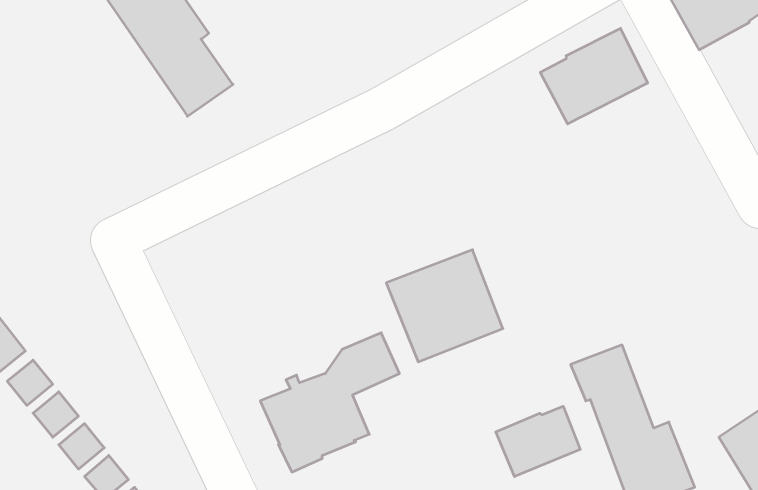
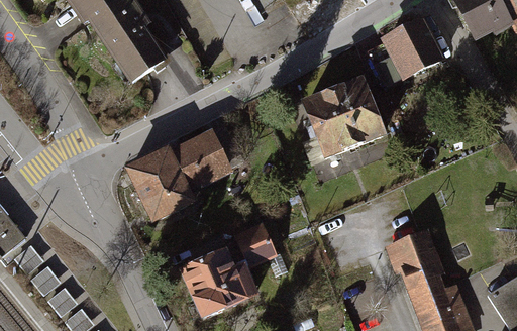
building: none -> [128,128,242,220]
building: [386,250,503,362] -> [304,82,382,156]
building: [496,406,580,477] -> none

